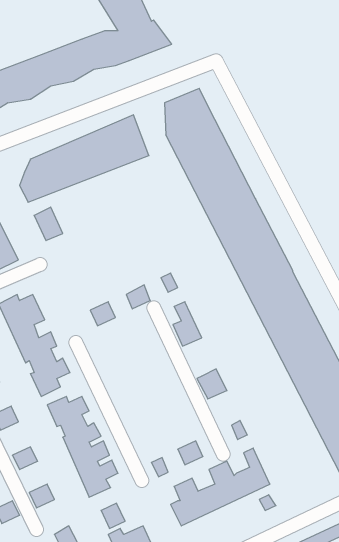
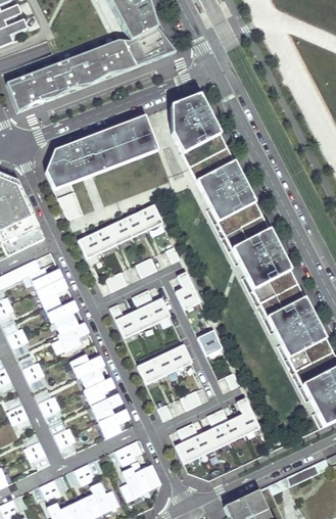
building: none -> [78,203,162,257]
building: none -> [110,290,171,338]
building: none -> [138,343,192,383]

